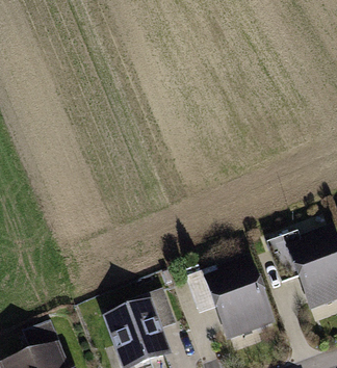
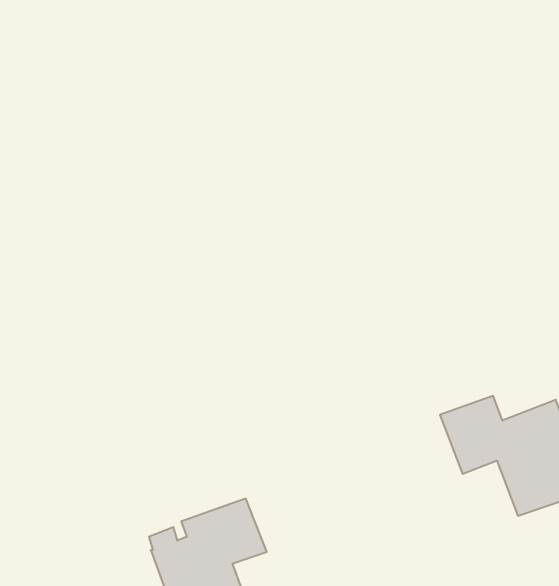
building: [187,264,267,327] -> none

